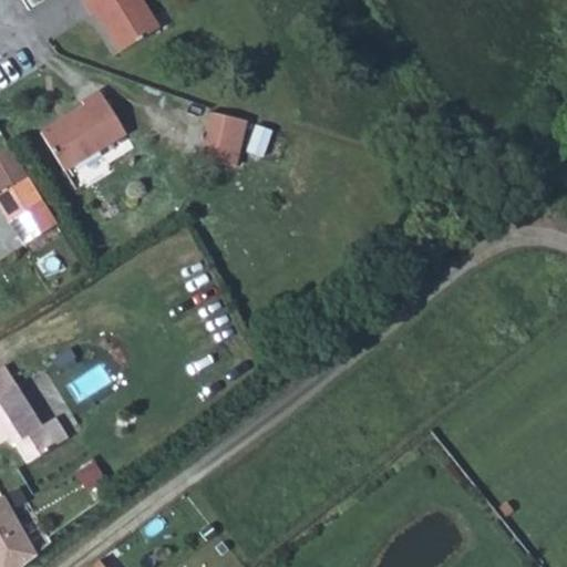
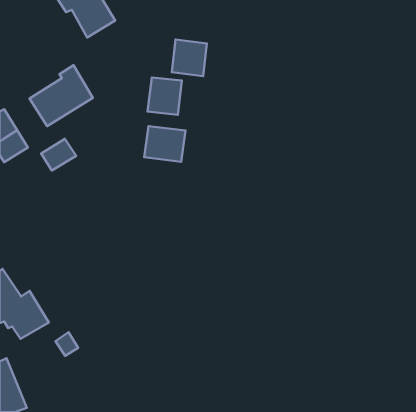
building: none -> [172,40,207,76]
building: none -> [144,126,185,162]
building: [6,200,53,244] -> [41,139,76,171]

